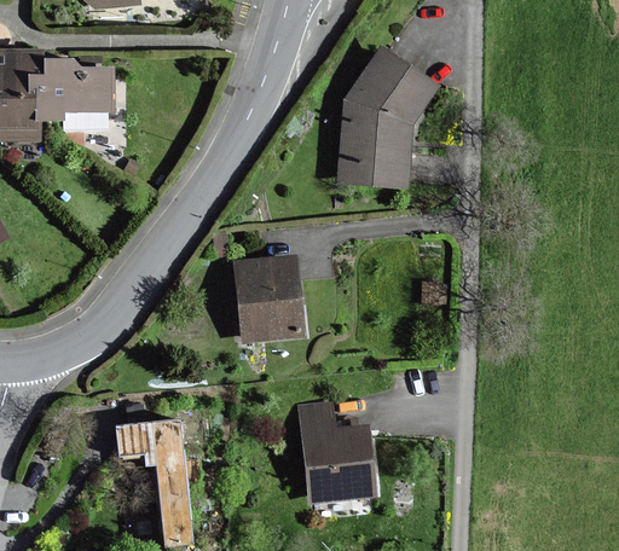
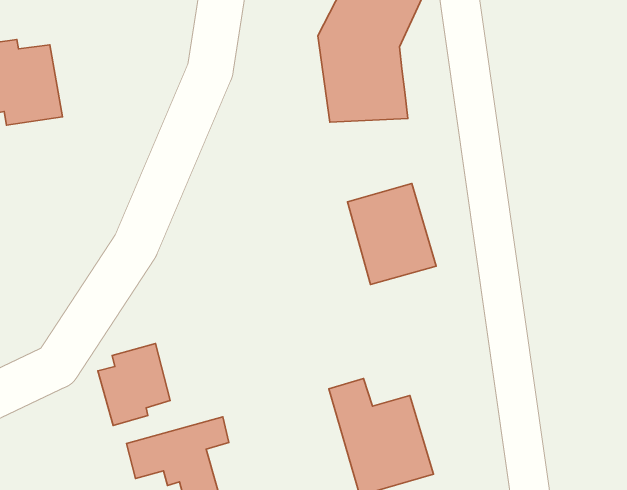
building: [236,257,302,338] -> [348,183,436,285]
building: none -> [98,343,170,426]

